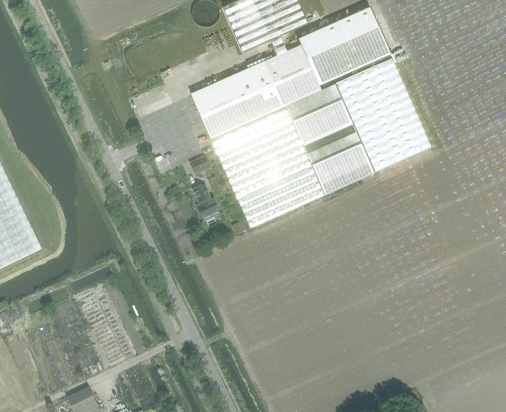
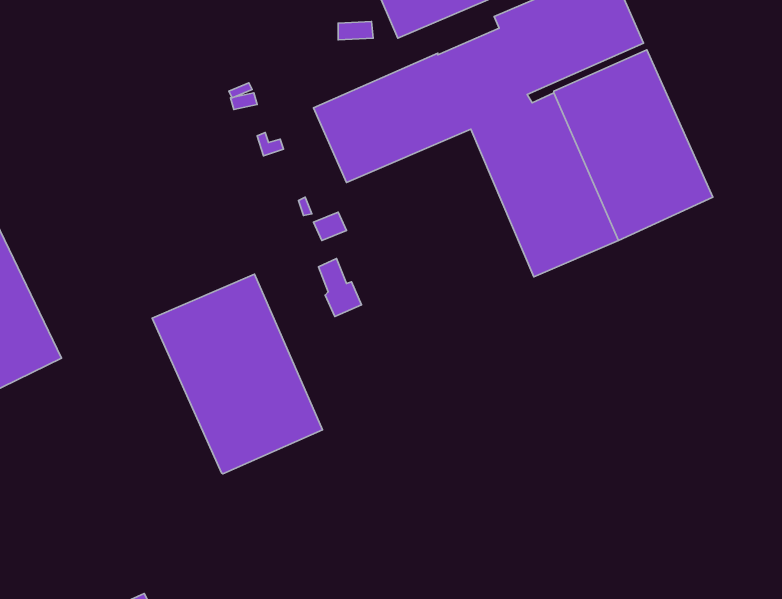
building: [211,106,324,227] -> none
building: none -> [152,274,323,474]

